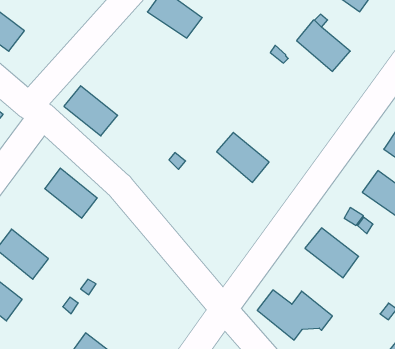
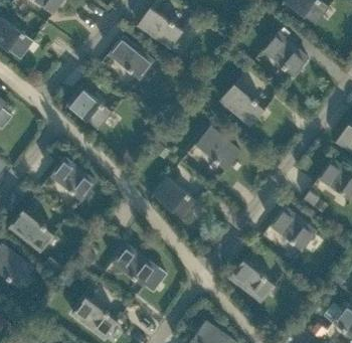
building: none -> [110,37,154,79]
building: none -> [220,83,266,127]
building: none -> [154,178,198,220]
building: none -> [113,244,166,293]

